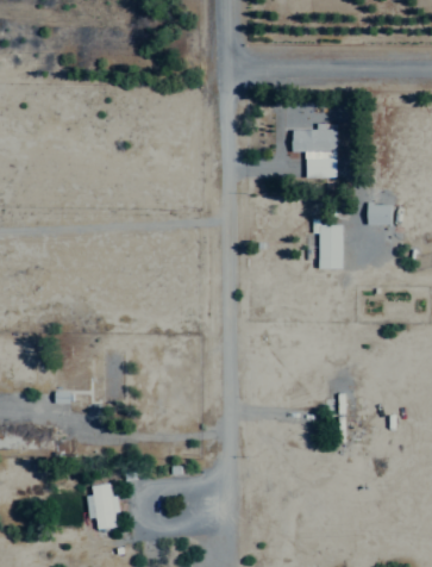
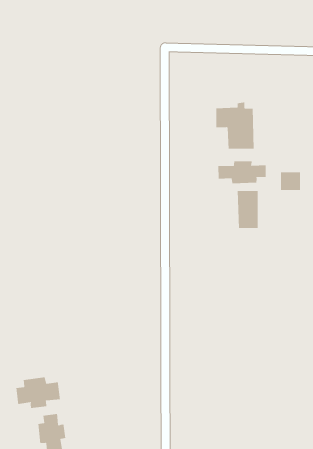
building: none -> [218,161,266,184]
building: none -> [16,376,60,409]

